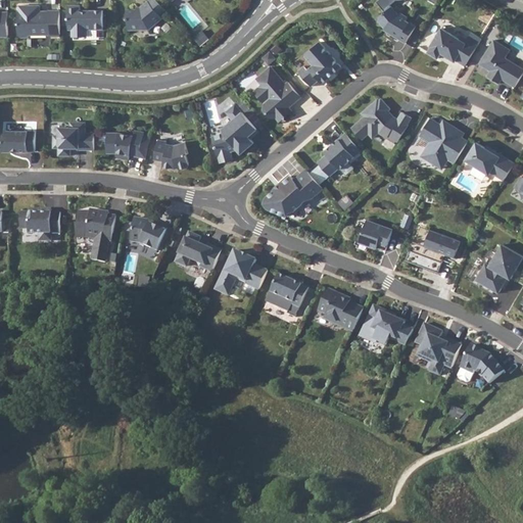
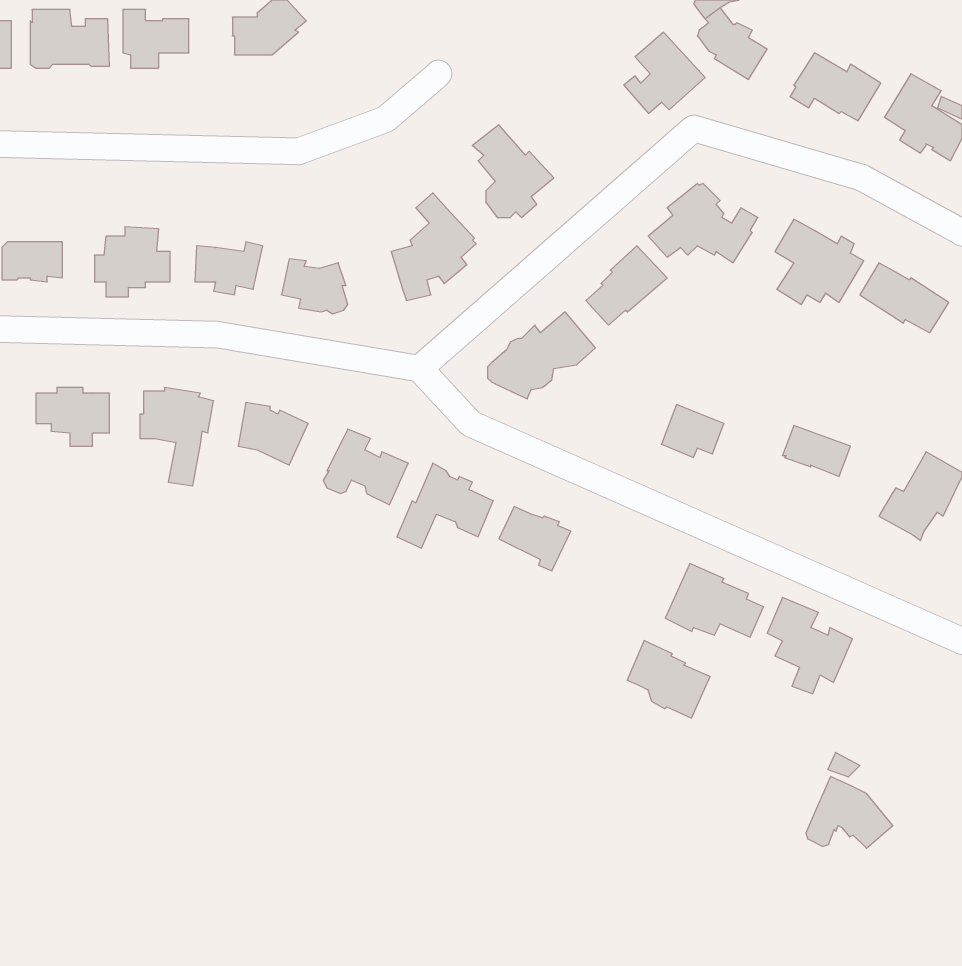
building: [297,42,341,86] -> [624,32,705,113]
building: [318,289,363,331] -> [627,641,710,718]
building: [457,344,504,383] -> [806,776,893,848]

